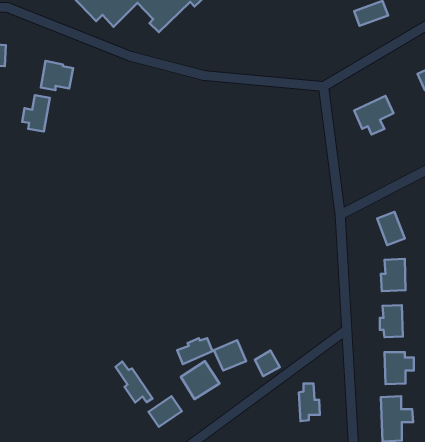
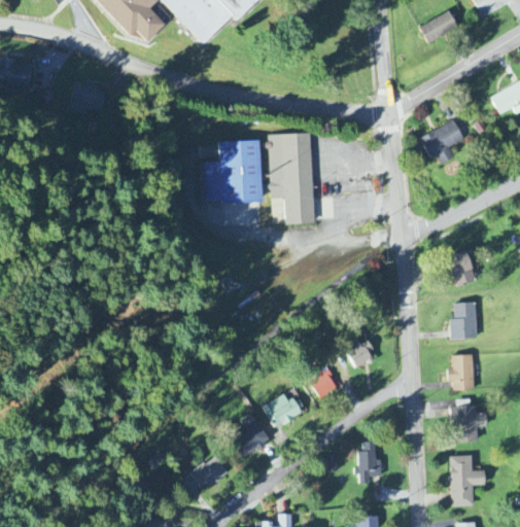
building: [22,95,50,131] -> none
building: none -> [200,129,313,221]
building: none -> [347,339,375,367]
building: [177,338,212,364] -> none
building: [255,351,280,376] -> [310,368,338,397]
building: [115,361,153,403] -> none

